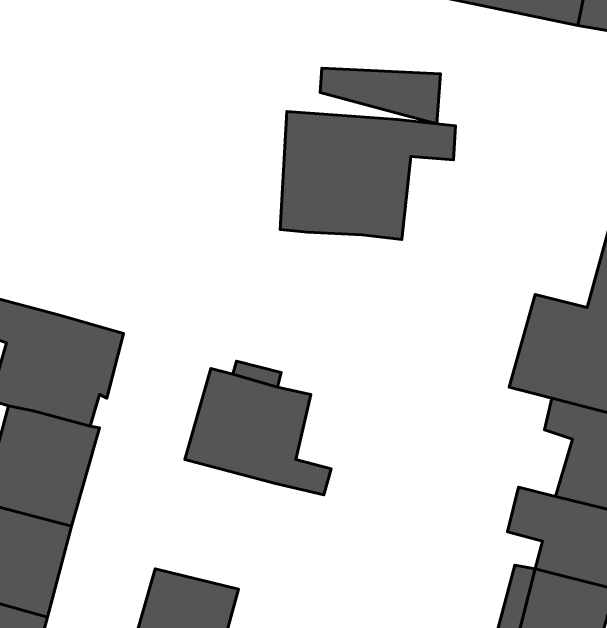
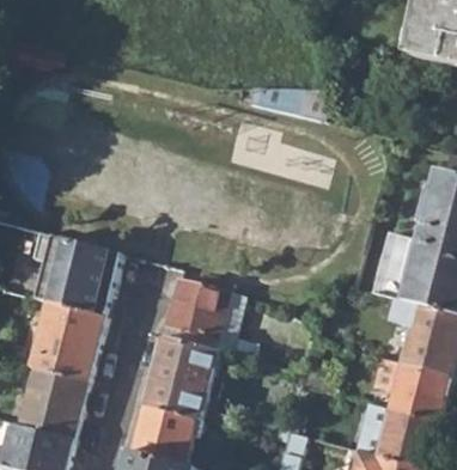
building: [280,111,456,239] -> none
building: none -> [142,336,220,422]

